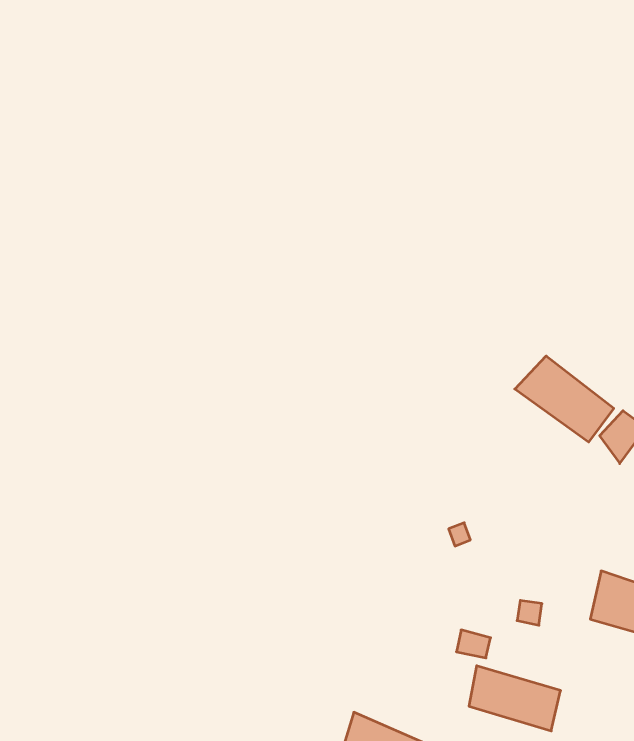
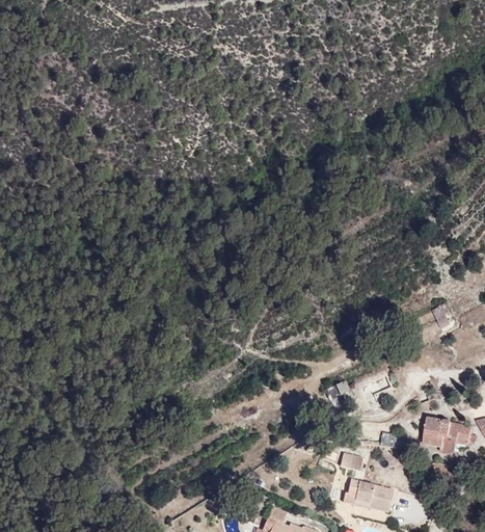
building: [515,356,614,442] -> none

